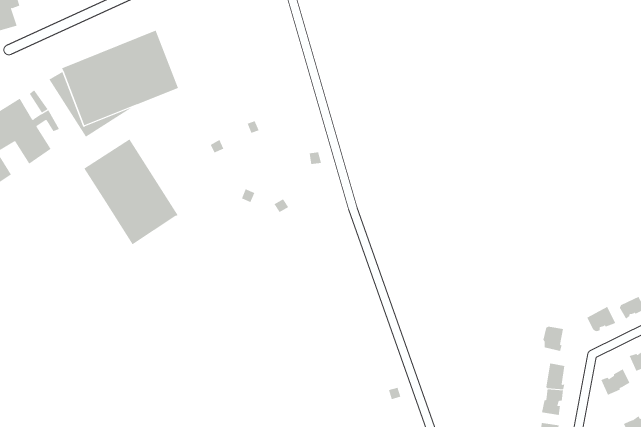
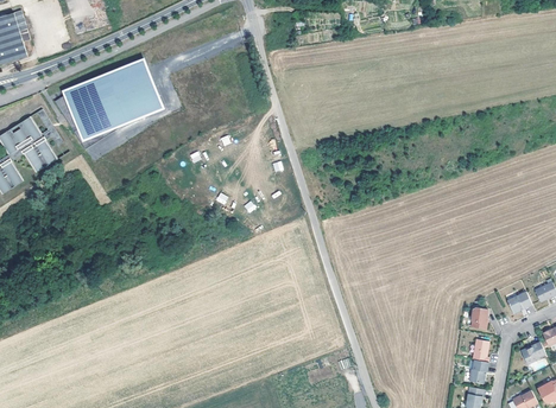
building: [84,138,178,245] -> none

